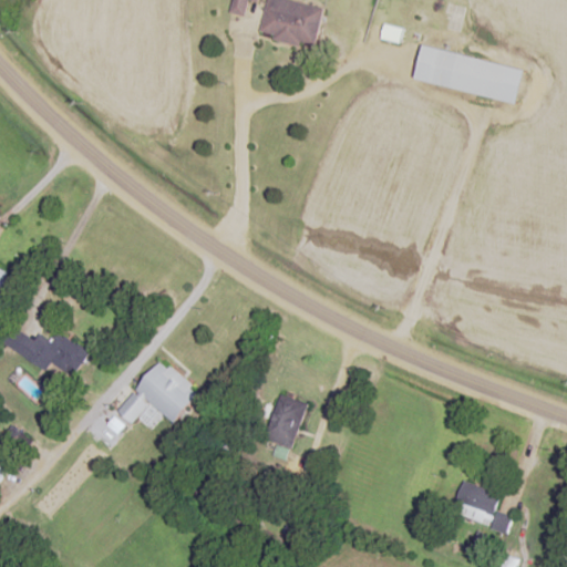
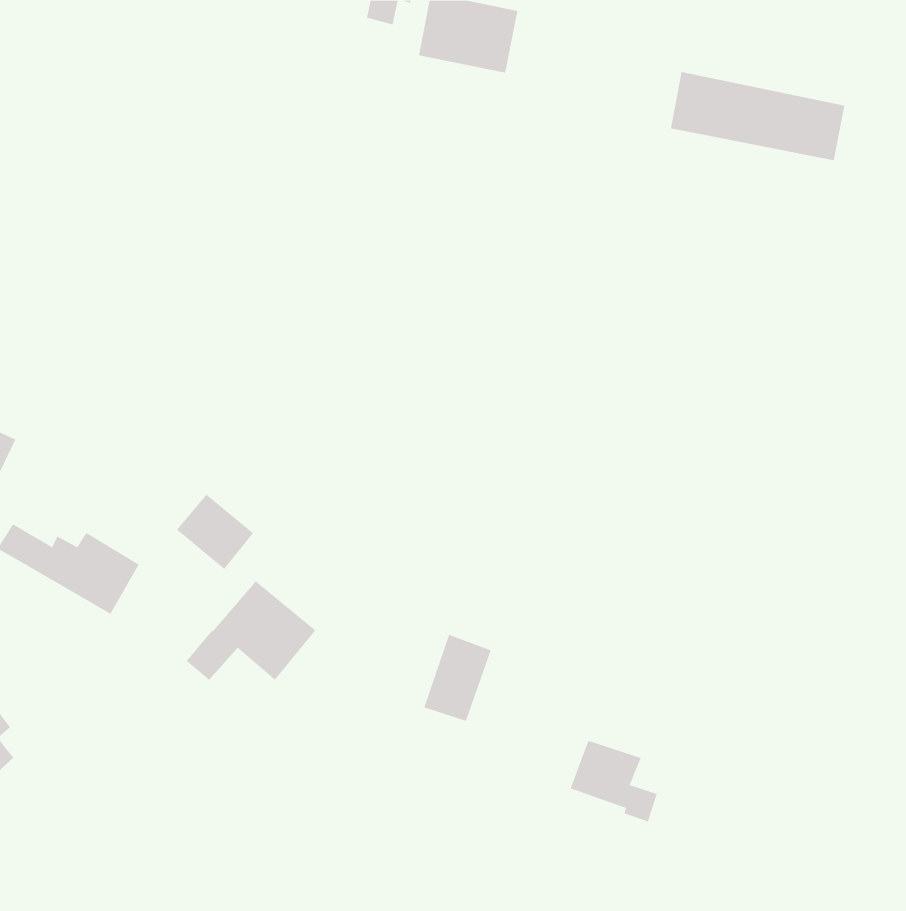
building: none -> [176,494,254,570]
building: [455,483,509,534] -> [570,740,657,822]

